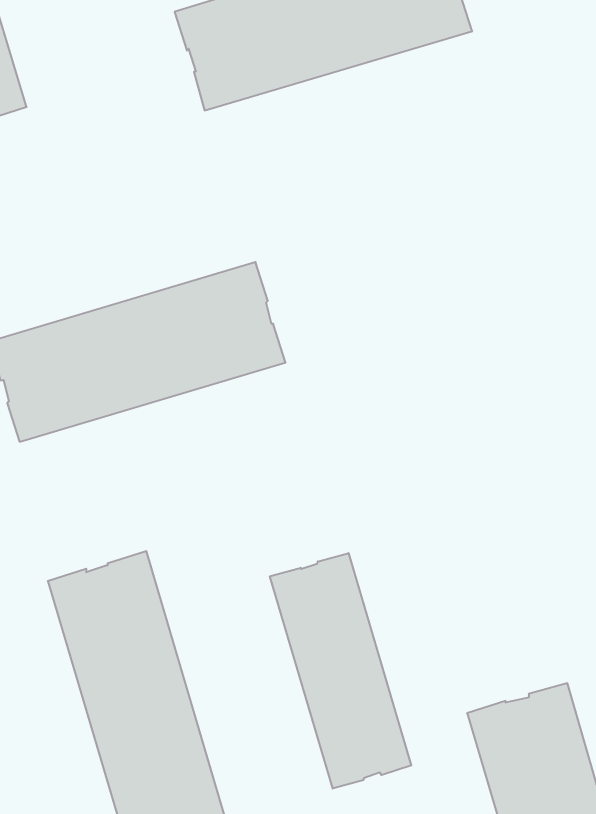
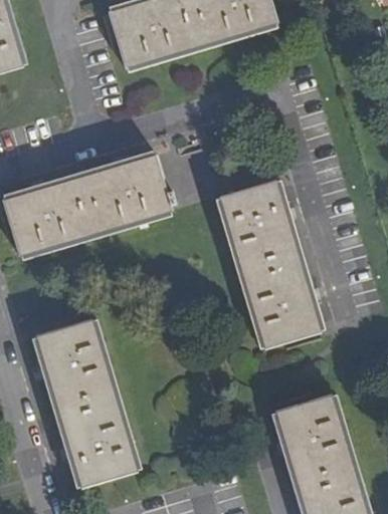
building: none -> [219,181,321,349]
building: [270,553,411,789] -> none

